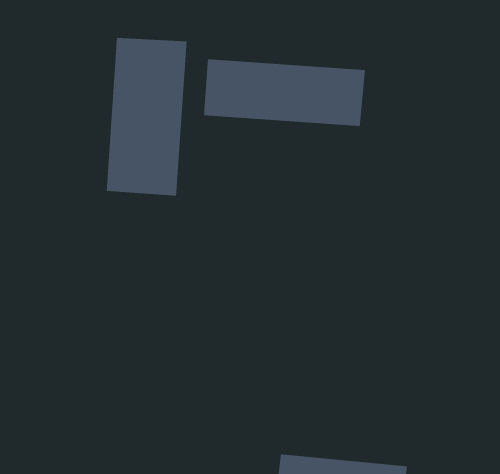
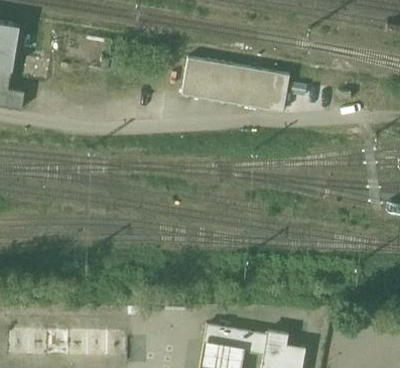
building: [106,37,187,196] -> none

